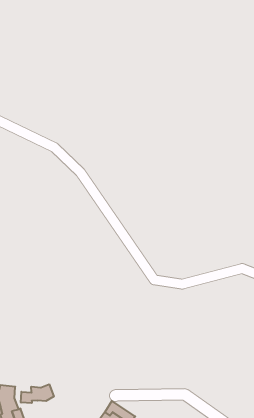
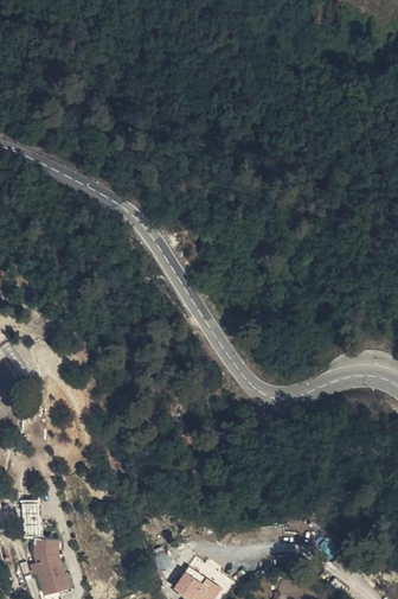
building: [21,384,54,403] -> none

